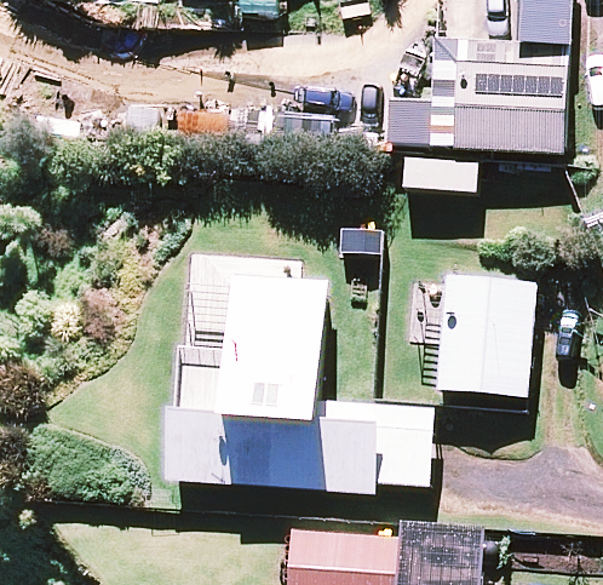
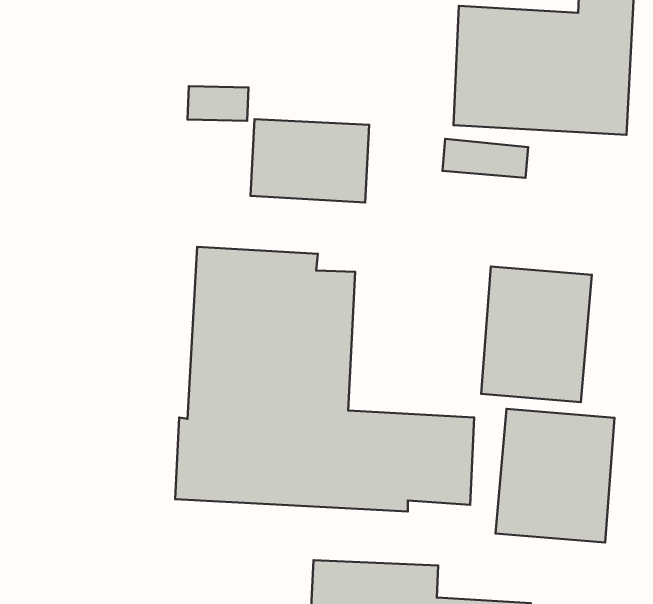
building: none -> [251,119,369,203]
building: none -> [496,409,615,542]

